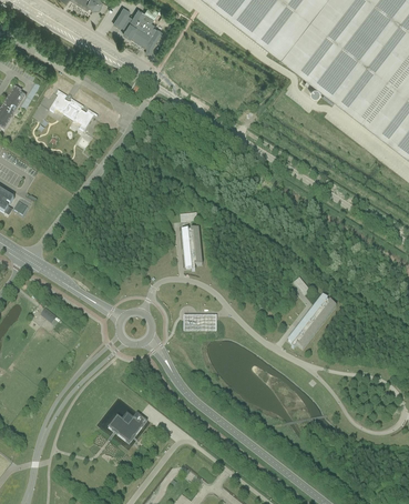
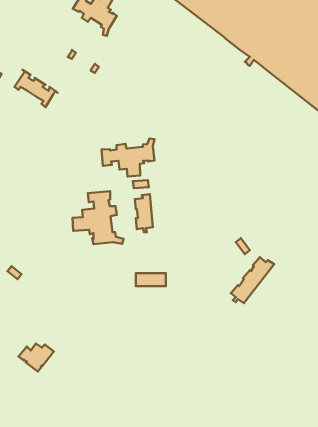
building: none -> [101,139,155,176]
building: none -> [72,191,123,244]
building: [108,411,146,442] -> [19,343,54,371]

